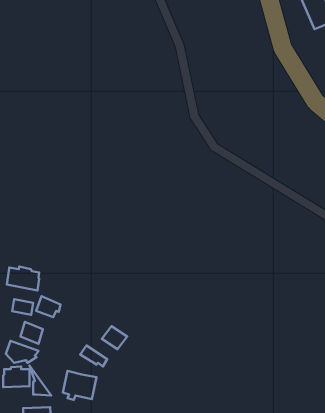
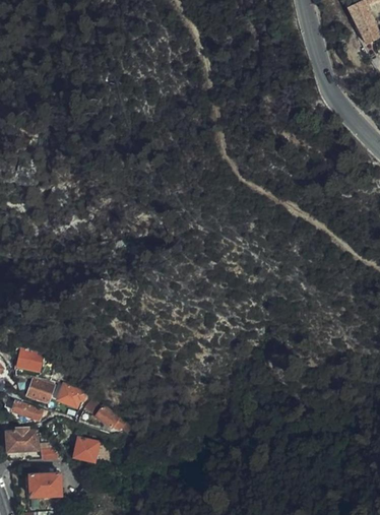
building: [7,267,39,290] -> none
building: [36,296,61,317] -> [56,383,83,406]
building: [102,326,127,349] -> none

